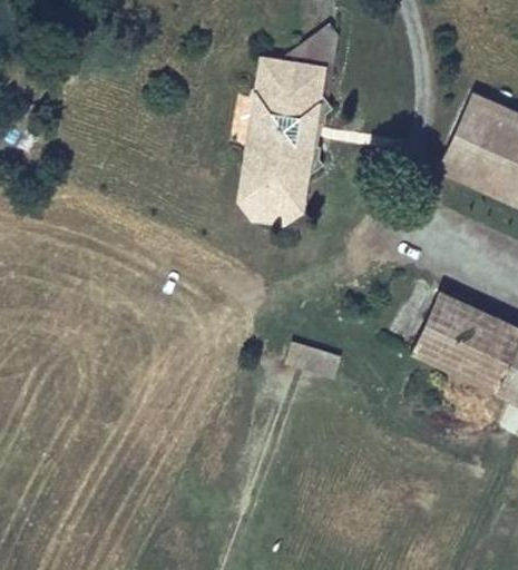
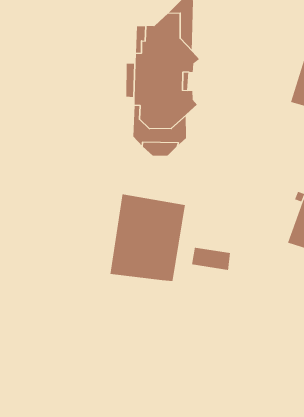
building: none -> [110,193,185,282]

